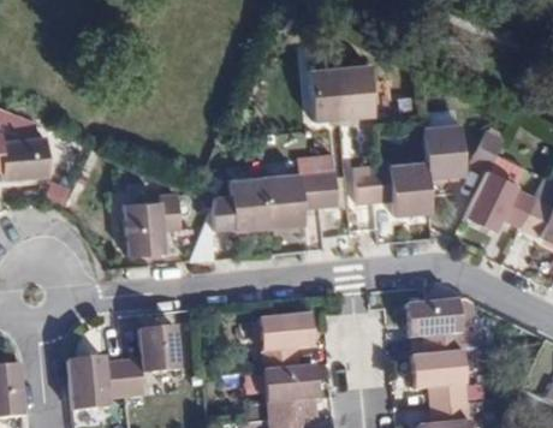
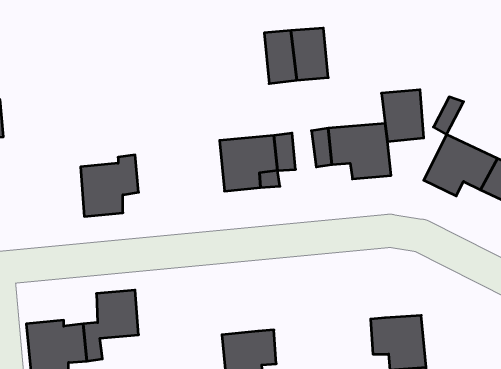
building: [210,177,266,231] -> none
building: [408,299,480,353] -> none
building: [258,315,313,370] -> none

